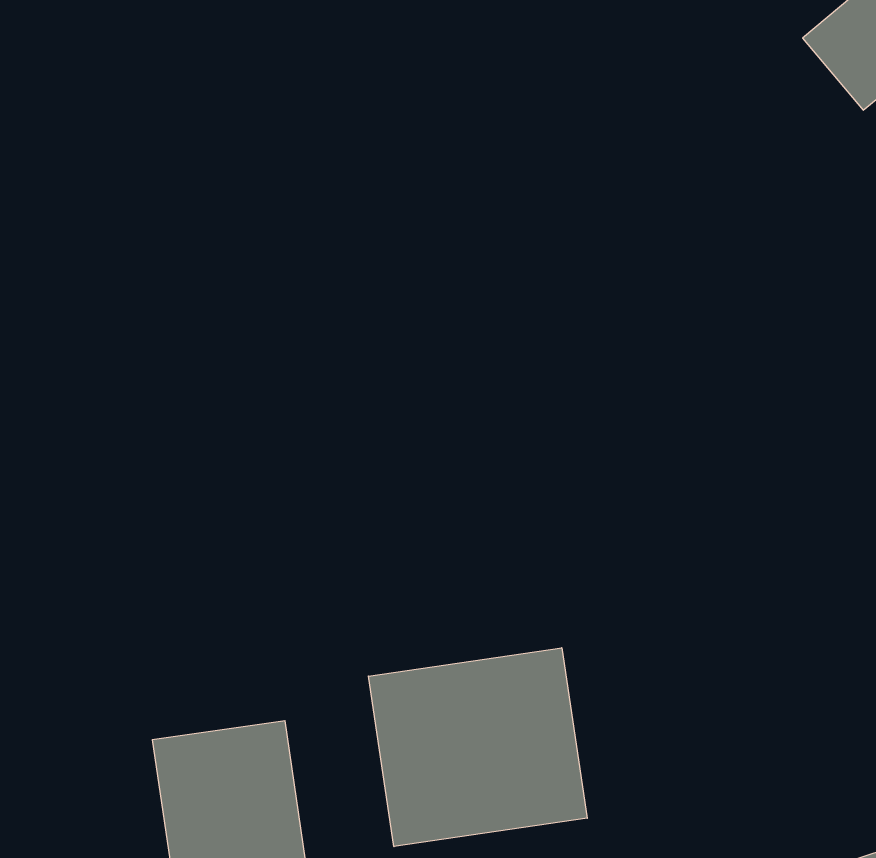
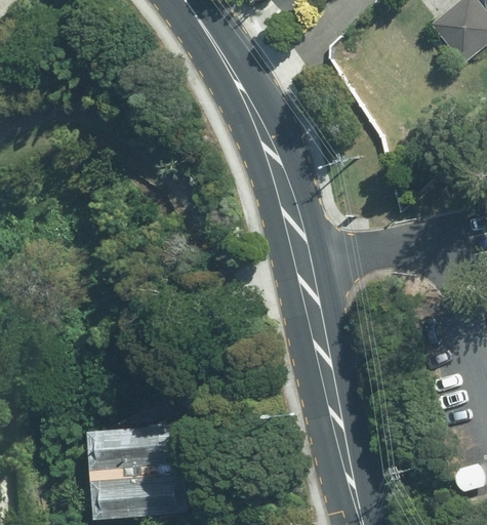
building: [368,648,587,847] -> none

